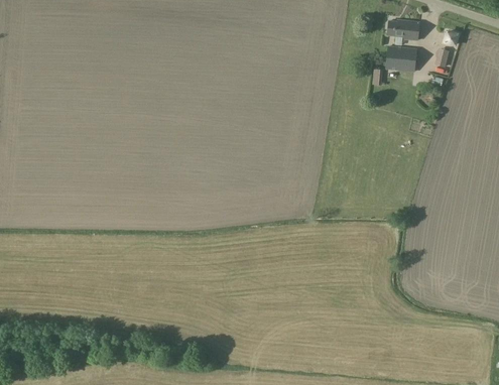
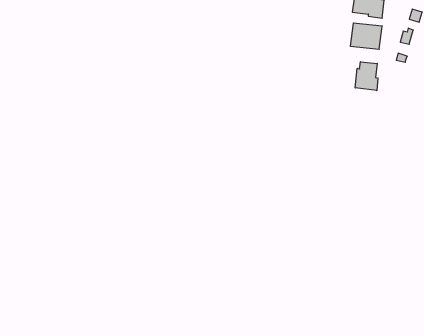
building: none -> [355,62,378,91]

